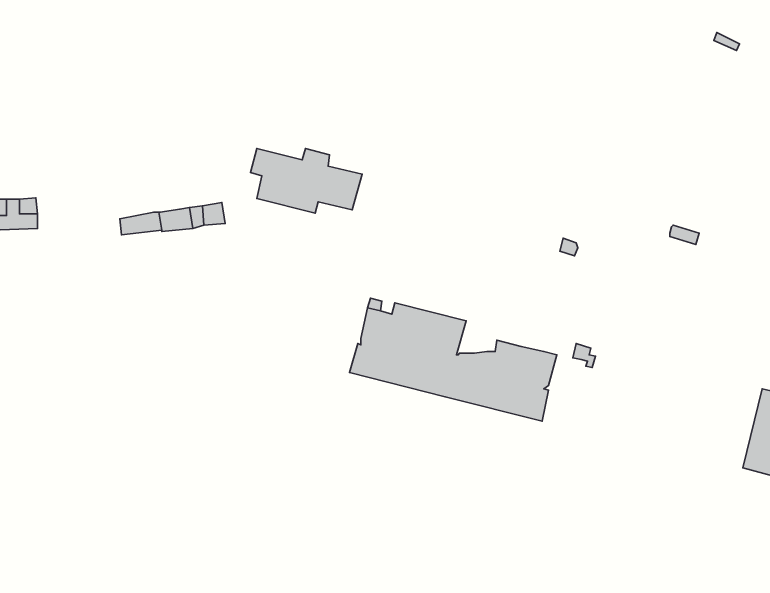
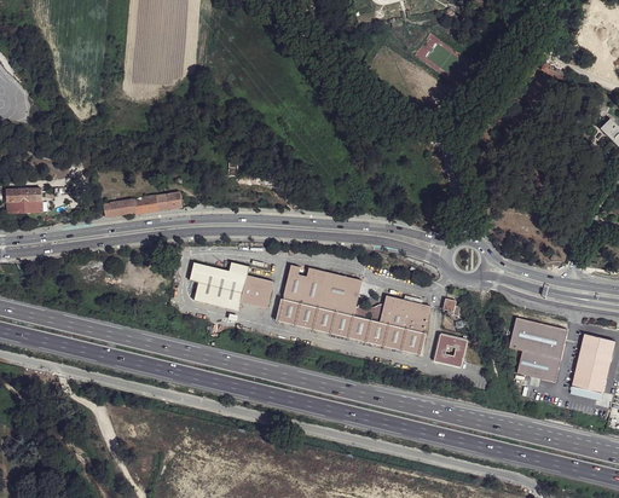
building: [250,148,362,213] -> [191,261,274,309]
building: none -> [509,314,568,380]
building: none -> [433,334,467,366]

